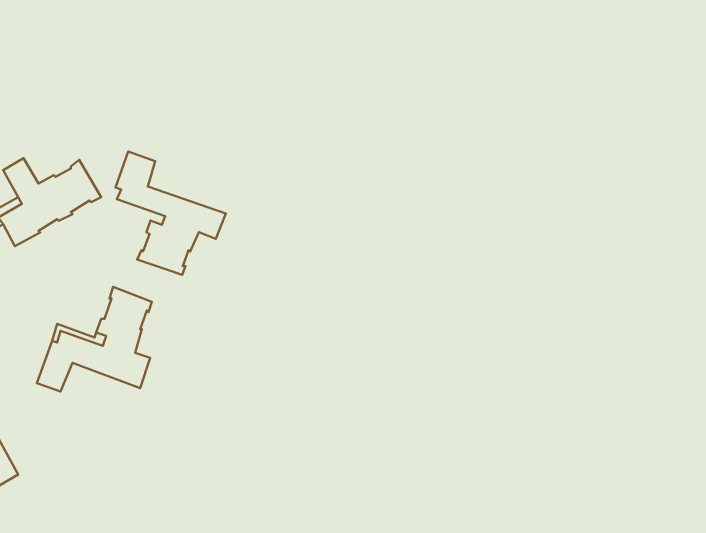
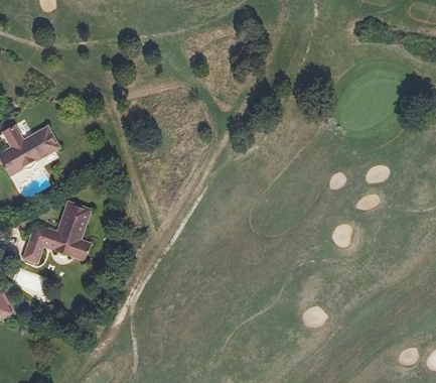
building: [115,151,226,275] -> none

